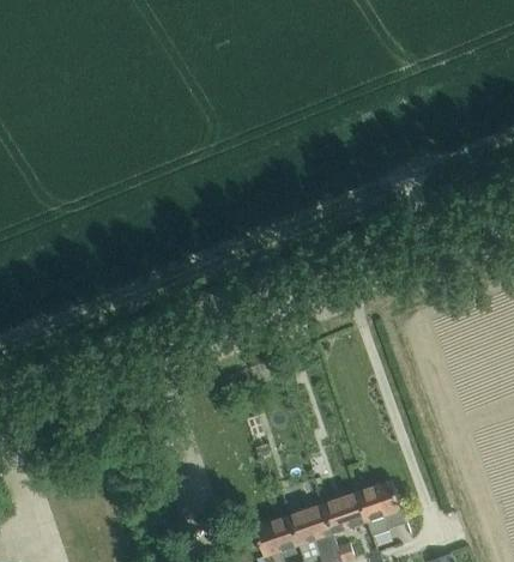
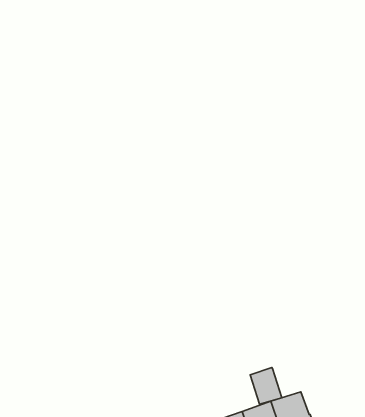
building: none -> [250,368,282,404]

